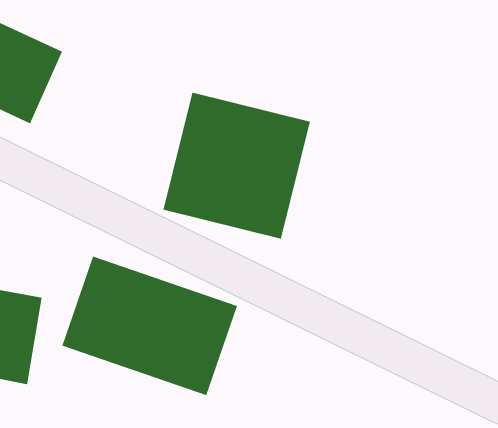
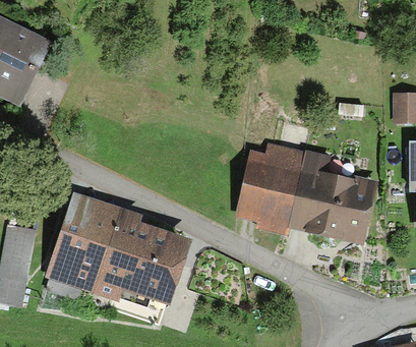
building: [163,92,311,239] -> none
building: none -> [240,153,373,241]

